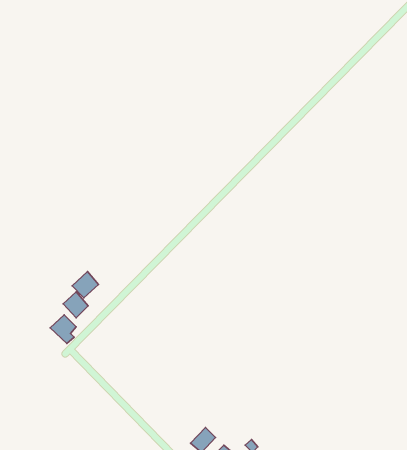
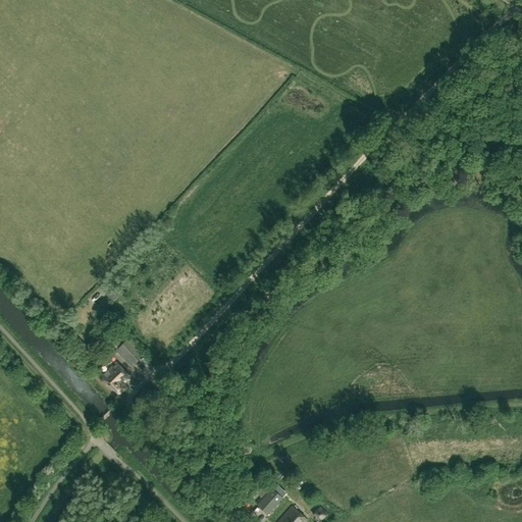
building: [72,272,98,298] -> none

